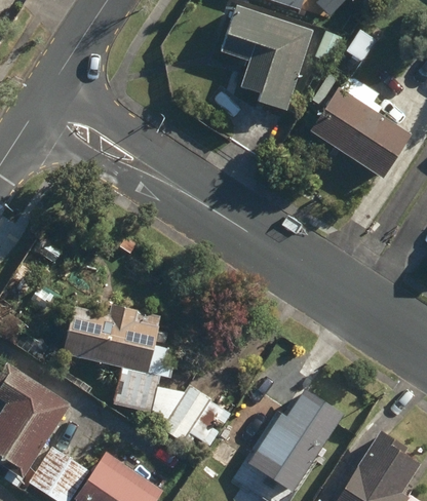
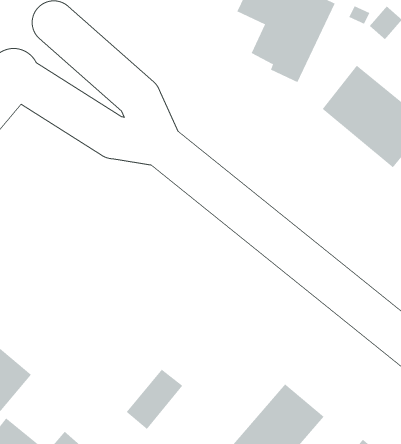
building: [63,294,172,413] -> none

